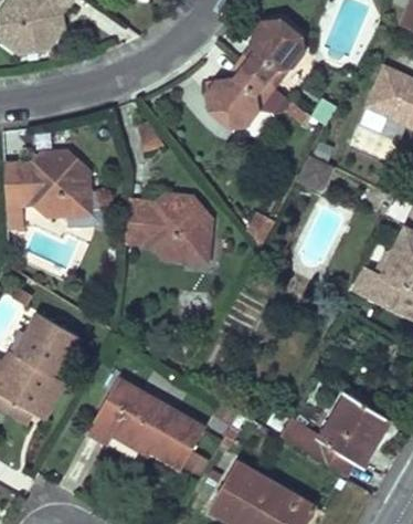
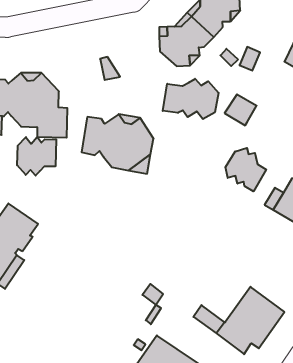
building: none -> [163,79,219,119]
building: none -> [225,148,266,191]
building: none -> [17,137,56,176]
building: [87,379,204,467] -> none

